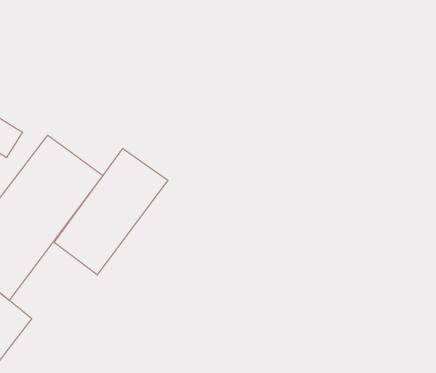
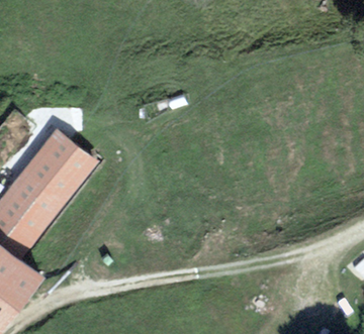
building: [54,148,168,275] -> none

